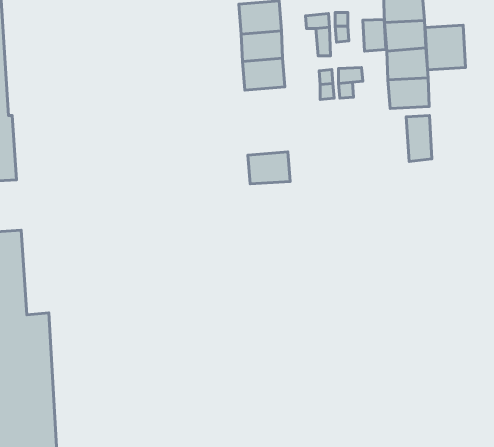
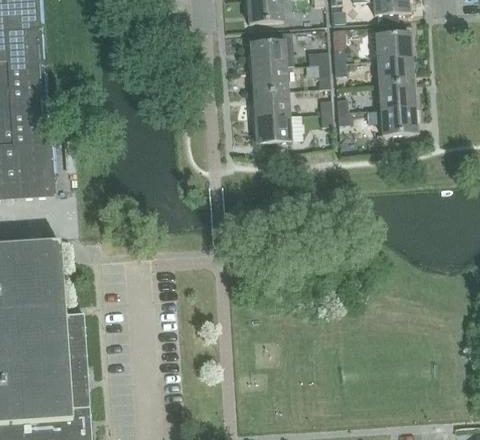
building: [363,19,386,51] -> none
building: [425,25,466,70] -> none
building: [406,115,432,161] -> none
building: [248,152,290,184] -> [255,114,292,142]

